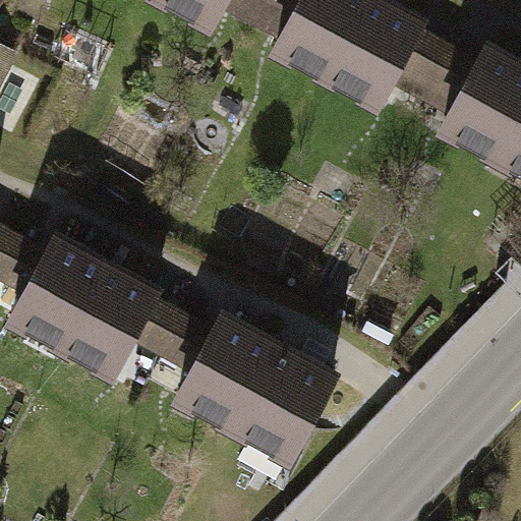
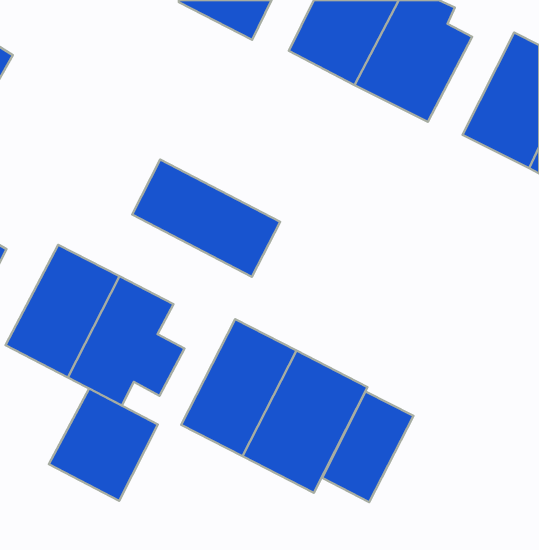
building: none -> [132,160,280,277]
building: none -> [49,388,158,501]
building: none -> [322,391,413,502]

